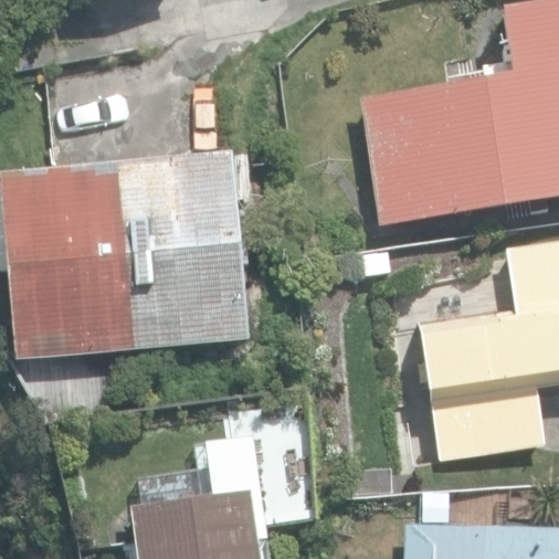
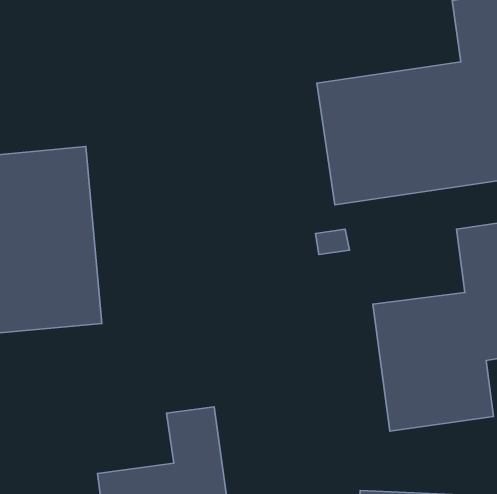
building: [120,154,250,348] -> none

